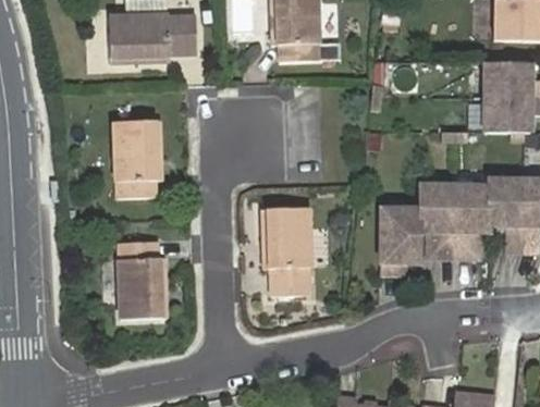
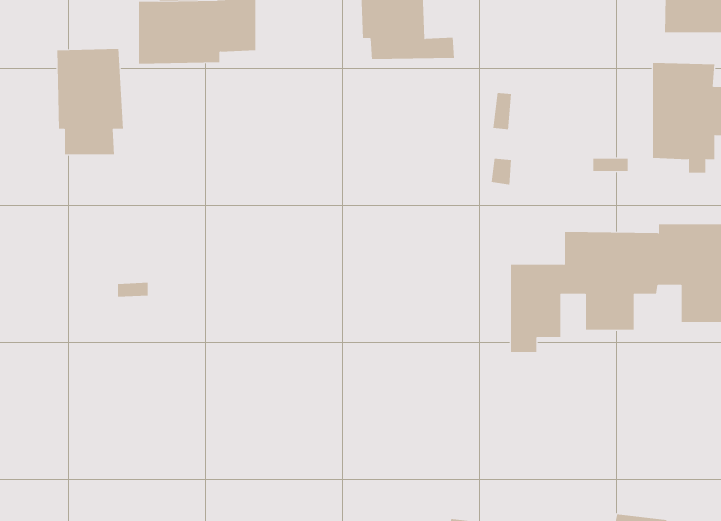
building: [113,121,162,198] -> [57,49,124,155]
building: [268,208,311,296] -> none
building: [119,242,165,318] -> none

